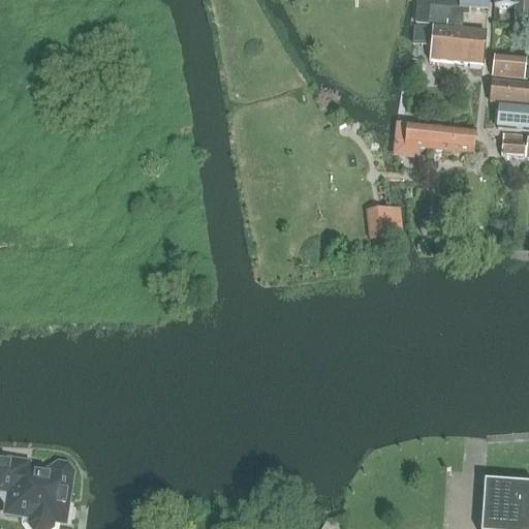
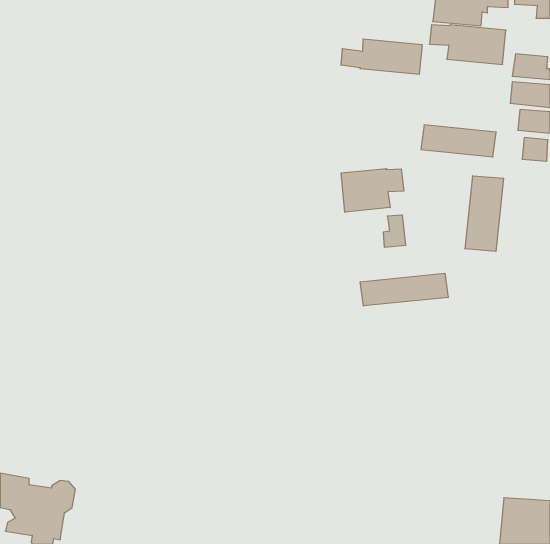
building: none -> [341,39,422,74]
building: none -> [341,168,404,212]
building: none -> [465,176,504,251]
building: none -> [360,273,448,306]

